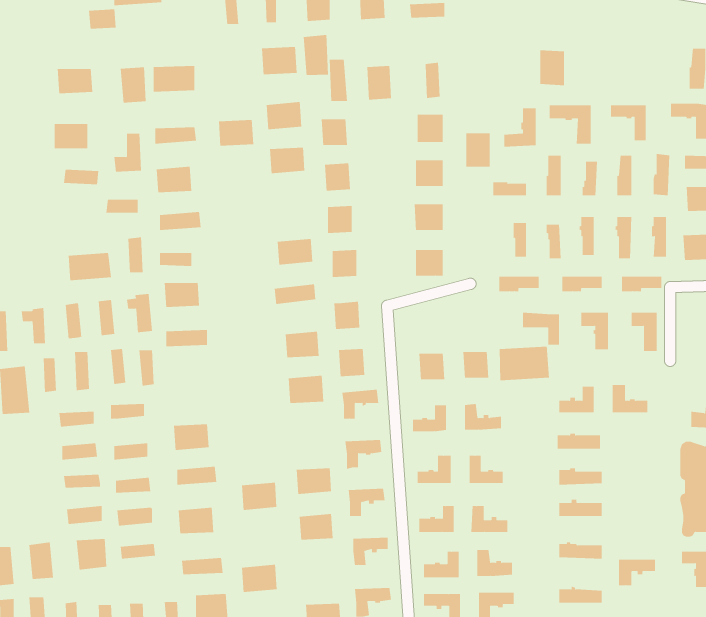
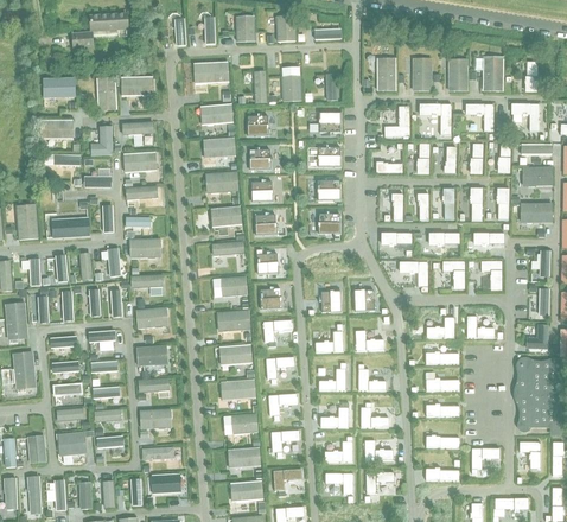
building: [303,34,329,76] -> none
building: none -> [483,57,503,90]
building: none -> [447,64,467,90]
building: [218,119,254,146] -> [210,171,237,191]
building: [465,133,491,167] -> [376,63,395,89]
building: none -> [15,211,37,238]
building: [499,346,549,381] -> none
building: none -> [134,306,167,327]
building: none -> [12,351,34,388]
building: [241,482,277,510] -> [224,343,251,364]
building: [241,564,277,593] -> [232,446,260,467]

